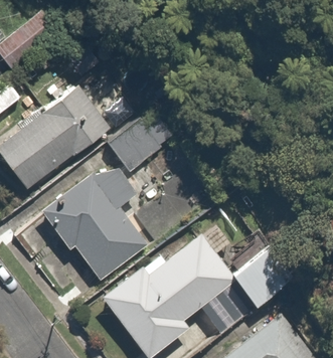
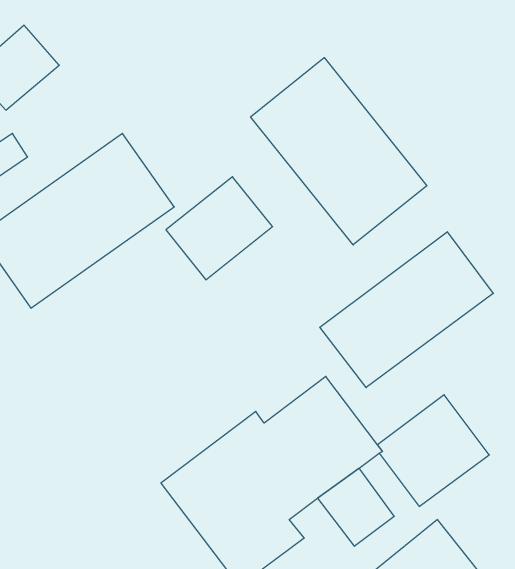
building: none -> [251,58,427,245]
building: none -> [320,232,493,388]
building: [40,160,149,281] -> none

